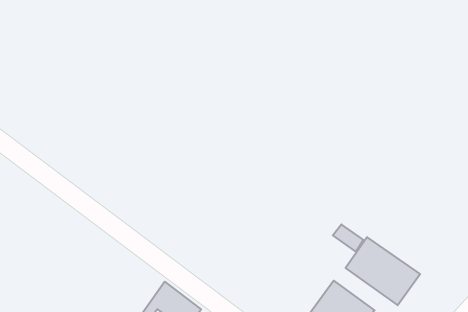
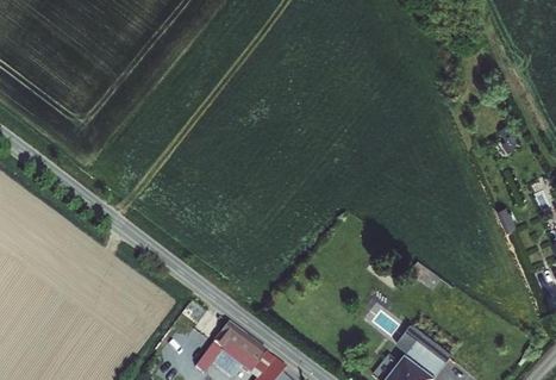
building: [346,237,420,305] -> none

